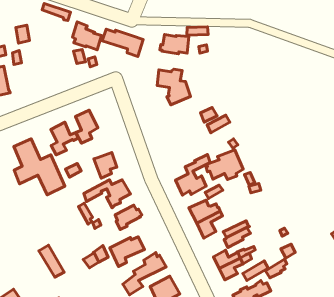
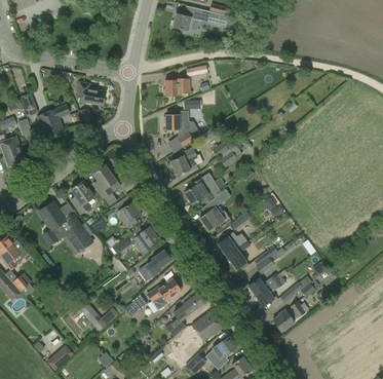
building: [102,29,143,56] -> none
building: none -> [37,105,70,140]
building: none -> [169,150,197,176]
building: [206,150,243,179] -> [184,173,220,204]

